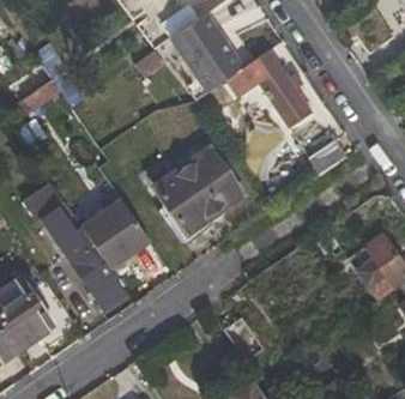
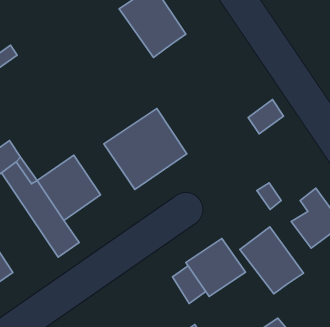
building: [226,49,313,128] -> none
building: none -> [240,227,303,294]
building: none -> [186,238,245,296]

